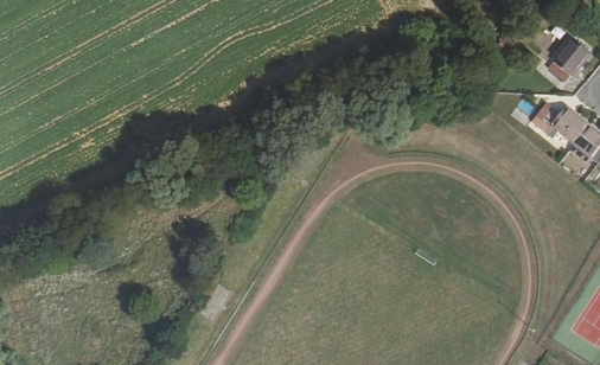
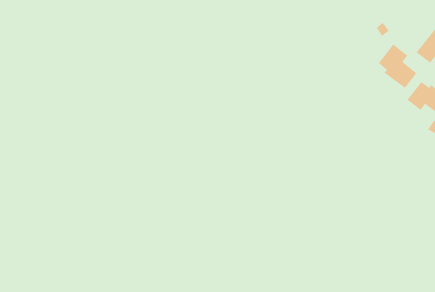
building: none -> [378,44,417,89]

